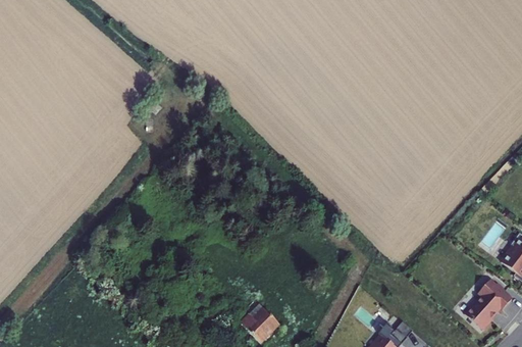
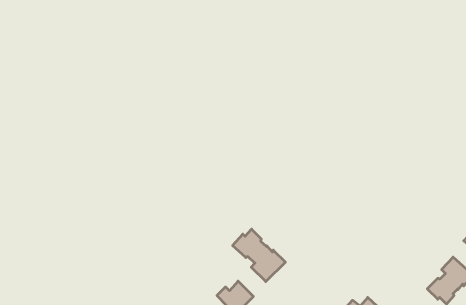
building: none -> [233,229,285,282]

